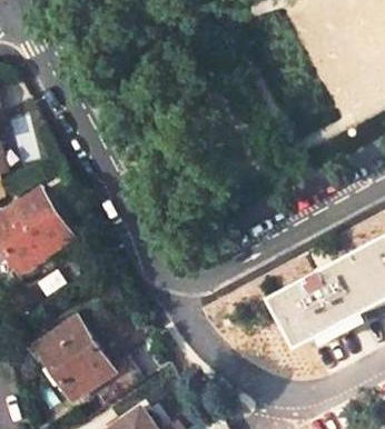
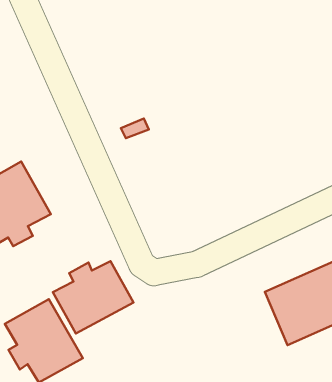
building: none -> [53,261,134,334]

